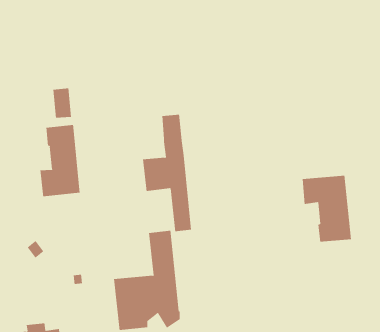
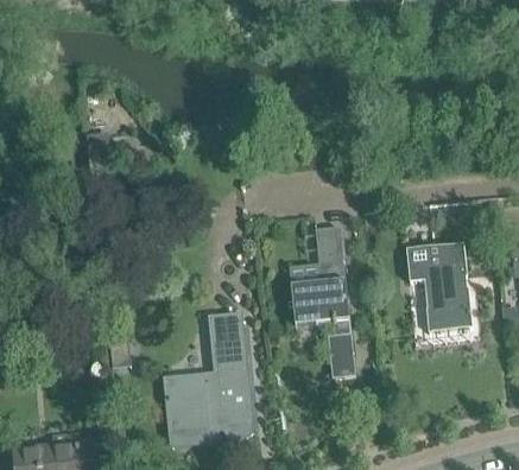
building: [142,114,192,232] -> [290,226,354,377]
building: [40,124,80,197] -> none

